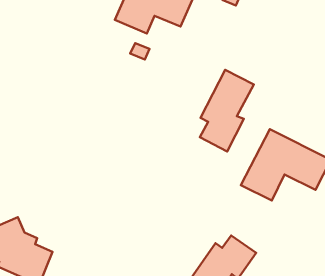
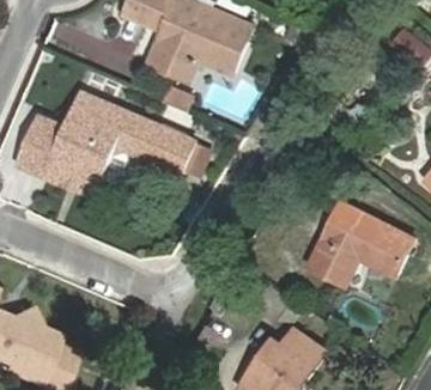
building: none -> [20,91,195,187]
building: [200,70,254,151] -> none

